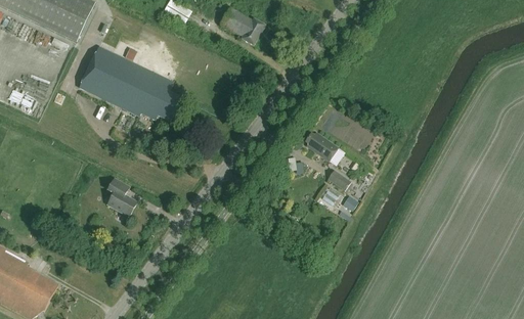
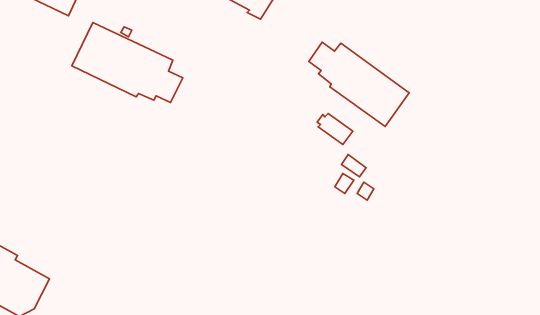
building: none -> [309,42,409,127]
building: [106,178,136,216] -> none

